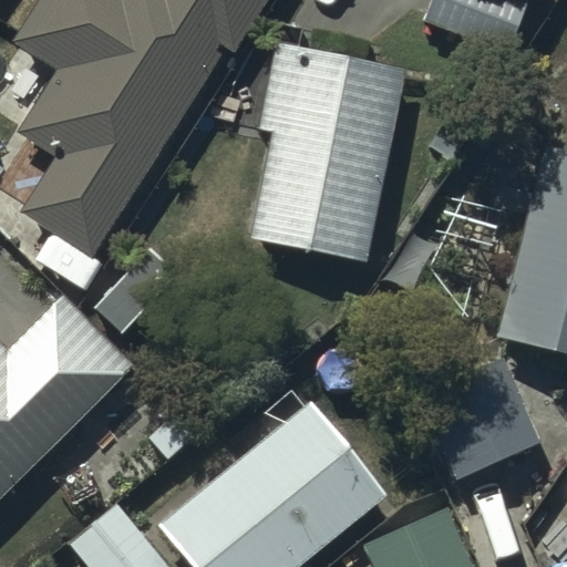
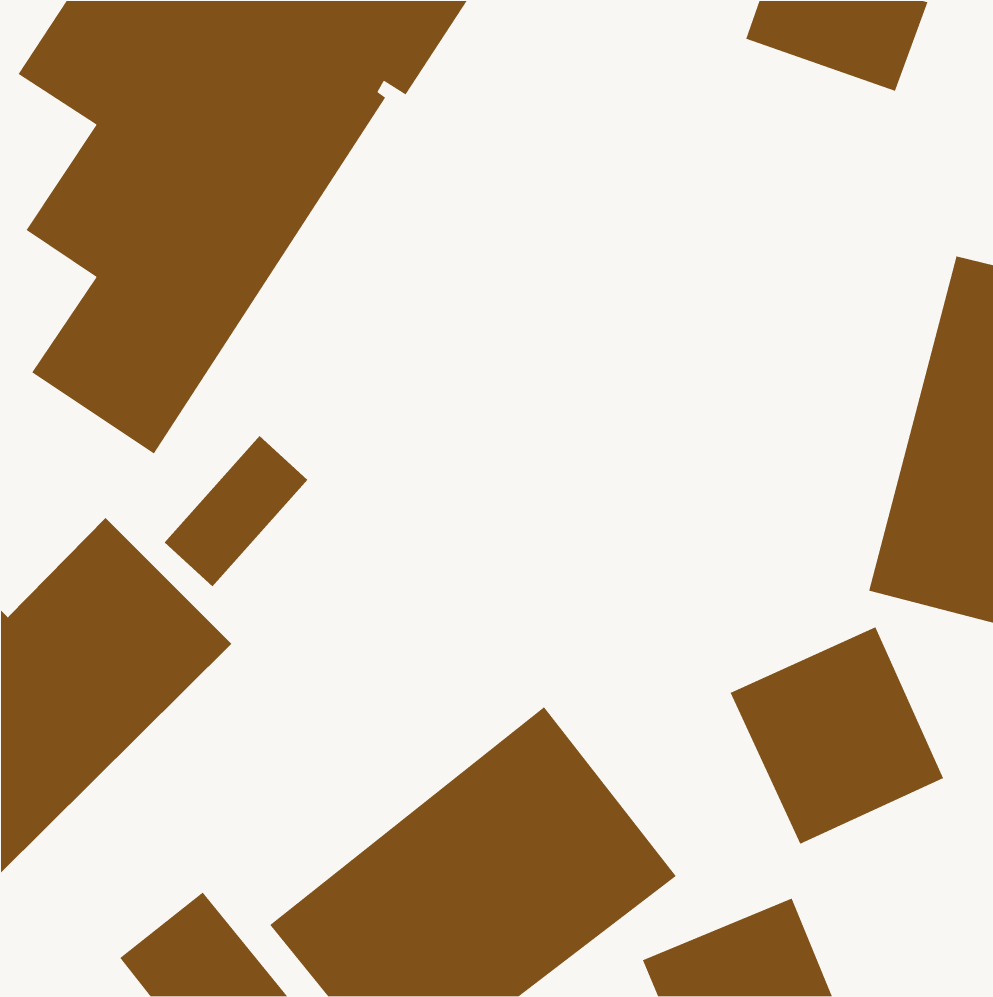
building: [249,43,403,260] -> none

